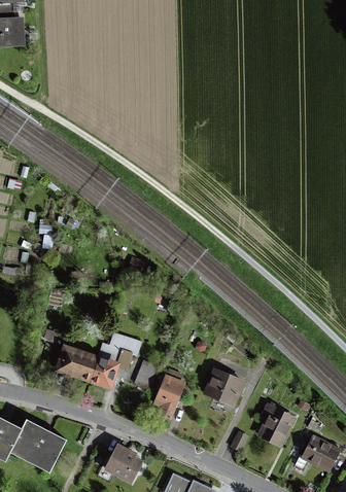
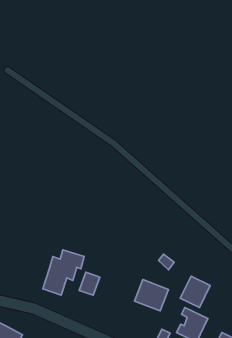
building: [55,344,97,381] -> none
building: none -> [180,276,210,307]
building: [153,367,185,420] -> none

